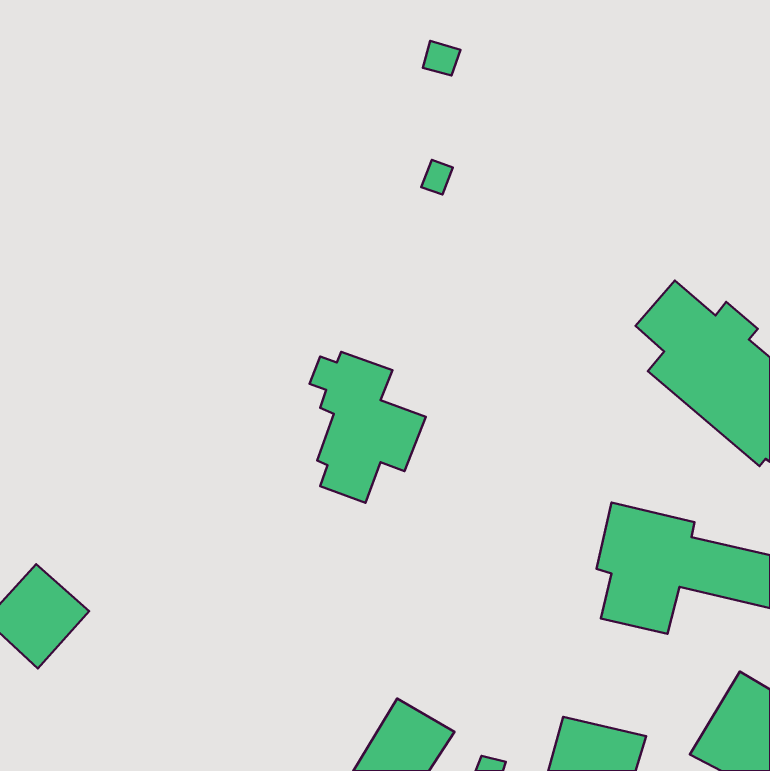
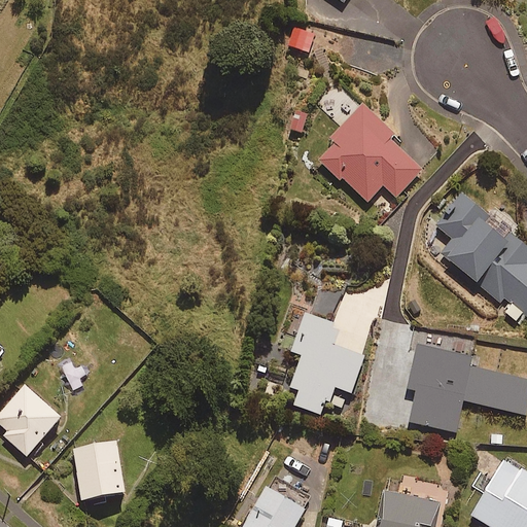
building: none -> [319,102,422,202]
building: [310,352,426,503] -> [285,312,364,415]
building: none -> [73,440,125,498]

